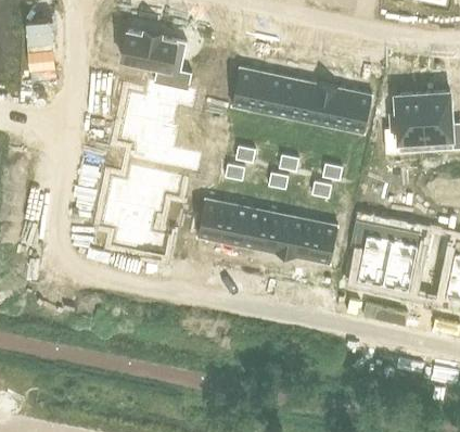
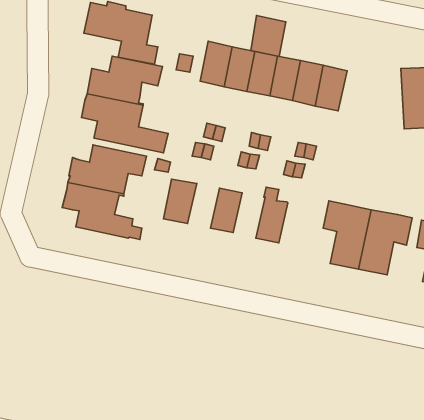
building: none -> [251,16,286,56]
building: [384,93,425,153] -> none
building: [219,203,250,245] -> none
building: [263,212,293,255] -> none
building: [306,221,336,264] -> none

